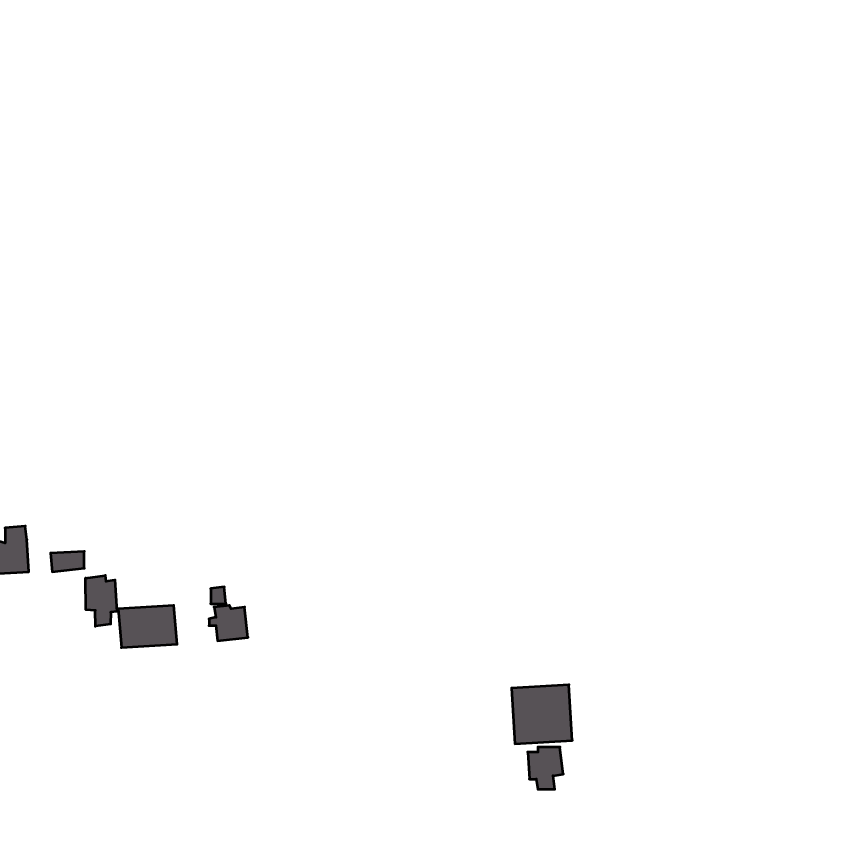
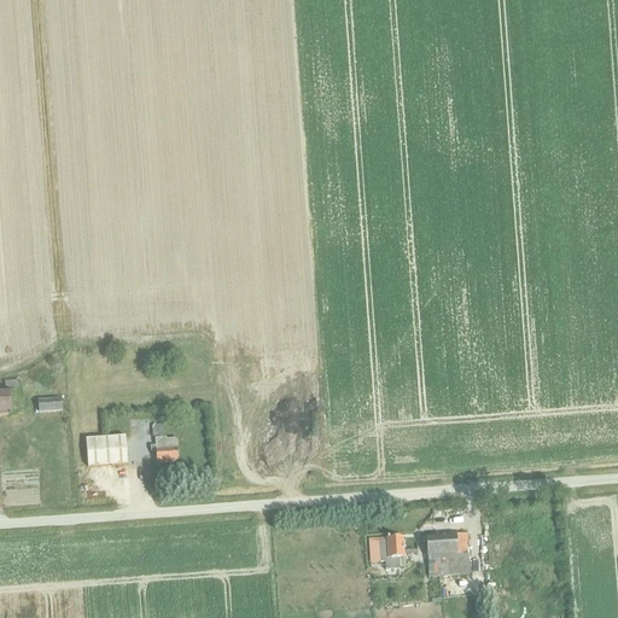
building: [86,575,117,626] -> none
building: [512,685,572,744] -> [425,531,468,573]

